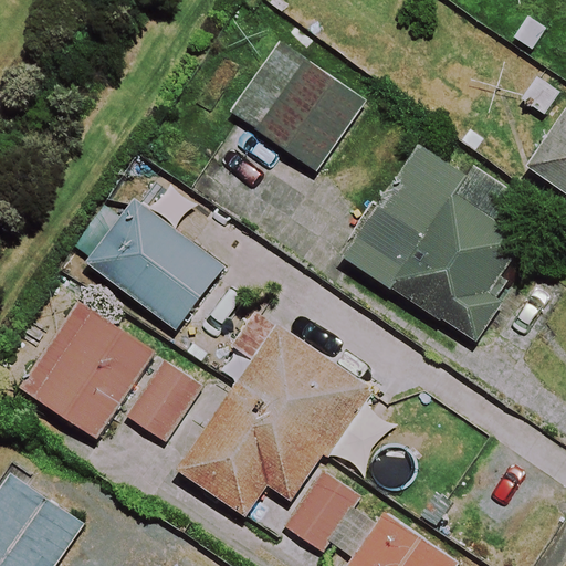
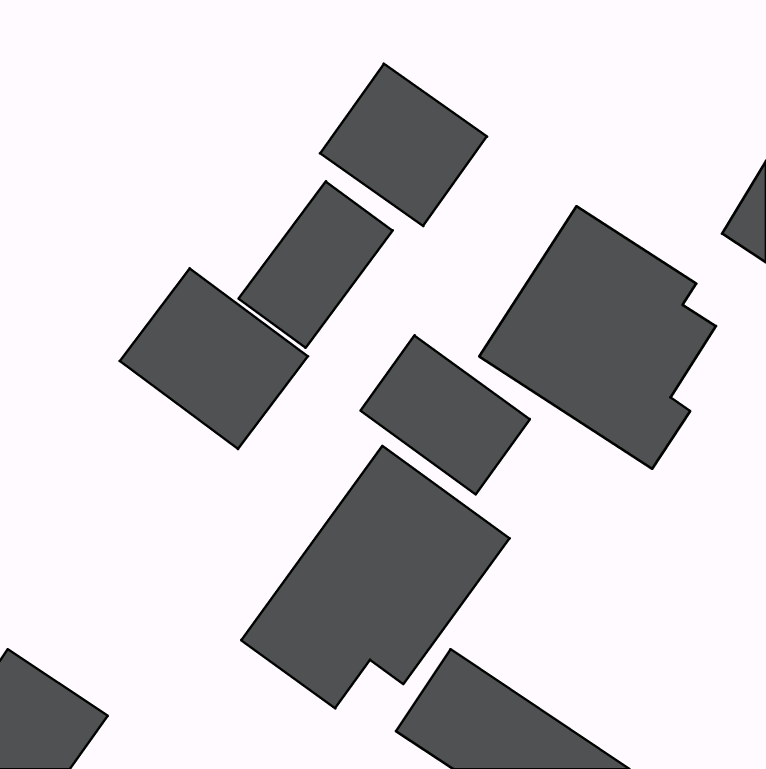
building: none -> [239,181,393,348]
building: none -> [361,335,530,494]
building: [24,305,199,439] -> none

